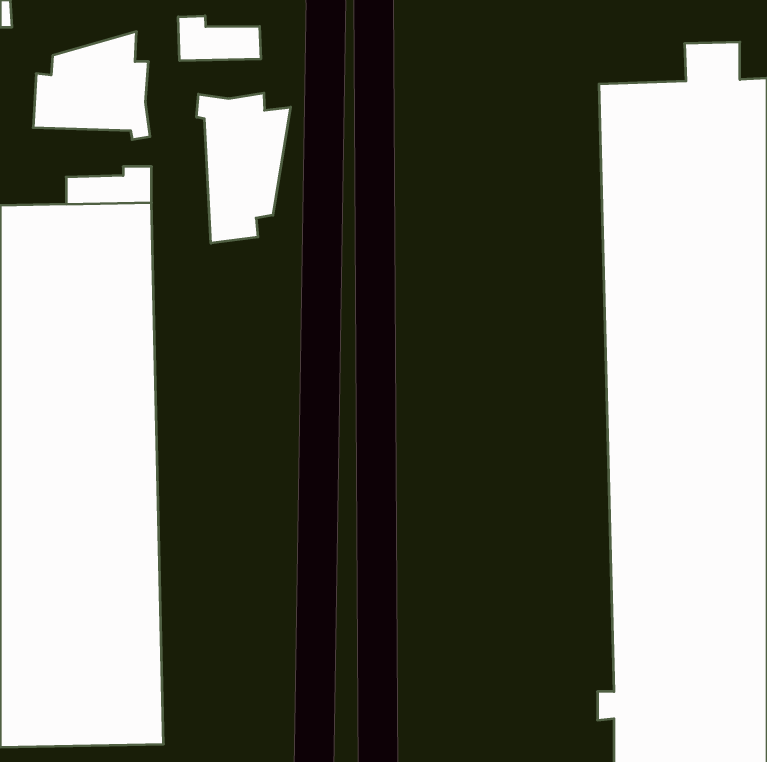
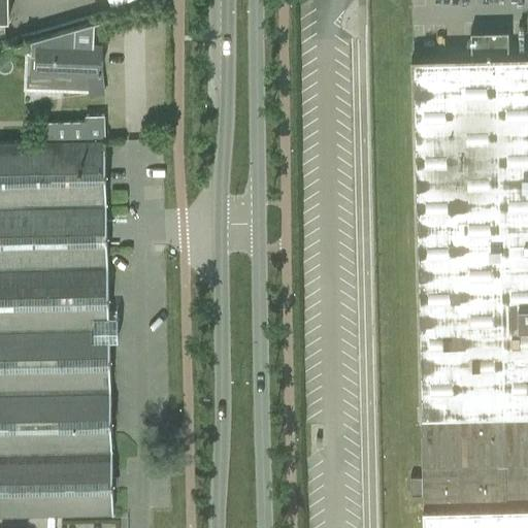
building: [178,16,261,61] -> none
building: [197,93,291,243] -> none

